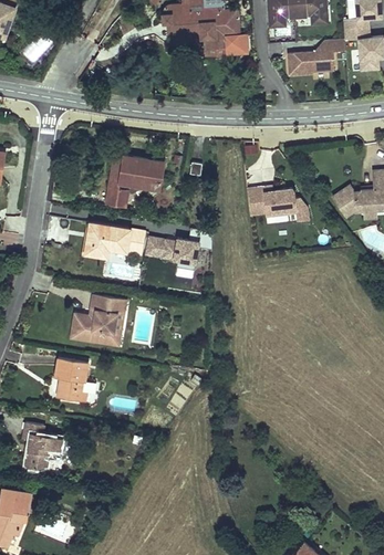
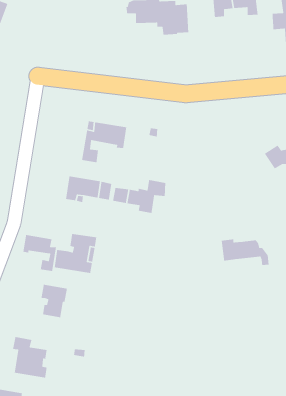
building: [287,41,344,76] -> none
building: [246,187,307,221] -> [221,238,270,266]
building: none -> [23,234,57,272]

